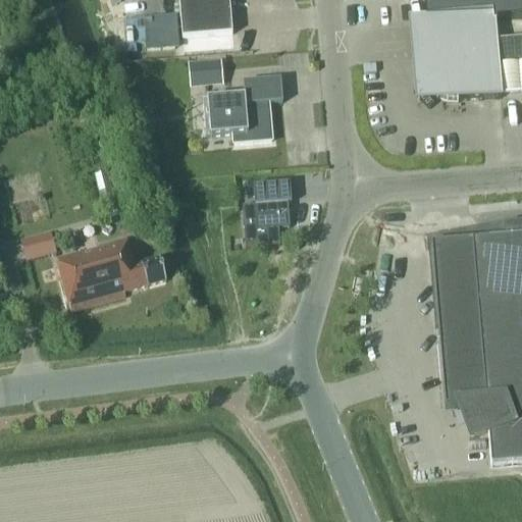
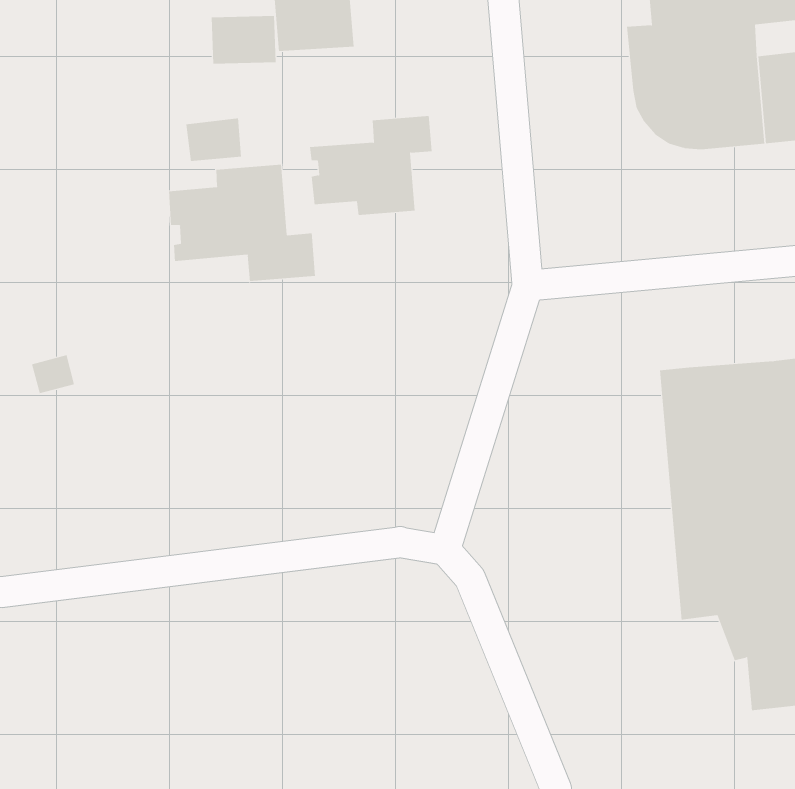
building: [189,56,225,85] -> [186,118,242,162]
building: none -> [169,164,315,282]
building: [244,178,293,244] -> none
building: [58,237,168,308] -> none

